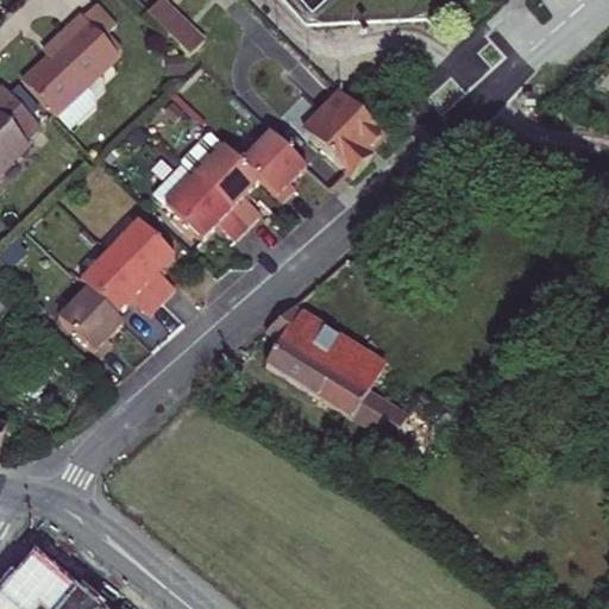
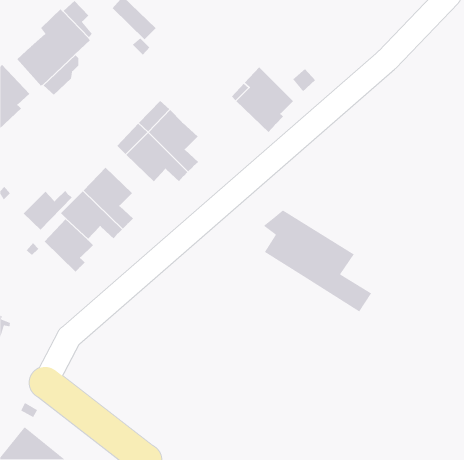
building: [239,130,306,200] -> none
building: none -> [23,190,72,230]
building: [264,306,407,440] -> [263,209,372,312]

